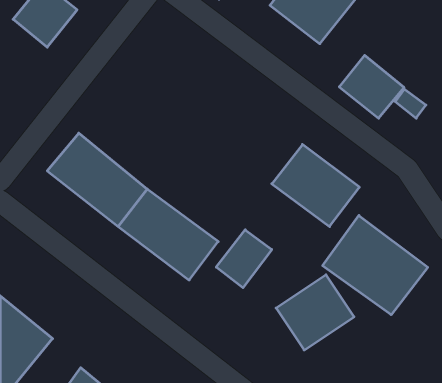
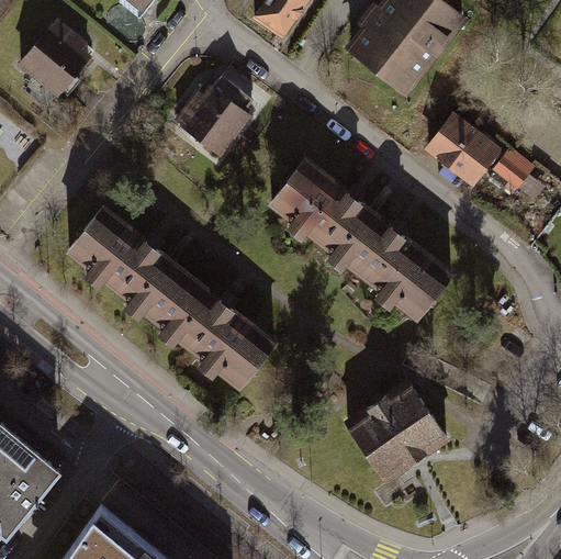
building: none -> [177,78,258,155]
building: none -> [268,164,381,270]
building: [323,215,428,315] -> none
building: [216,230,272,288] -> none

